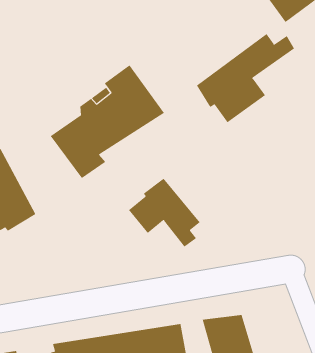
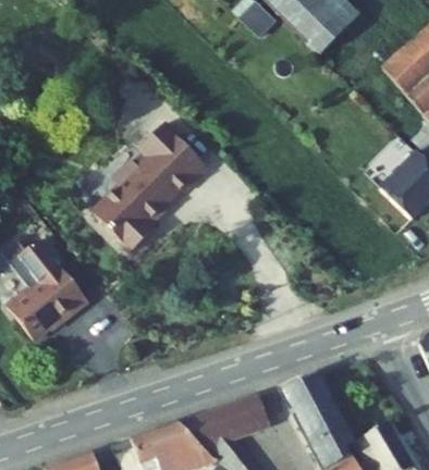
building: [196,33,295,123] -> none
building: [128,178,200,248] -> none

